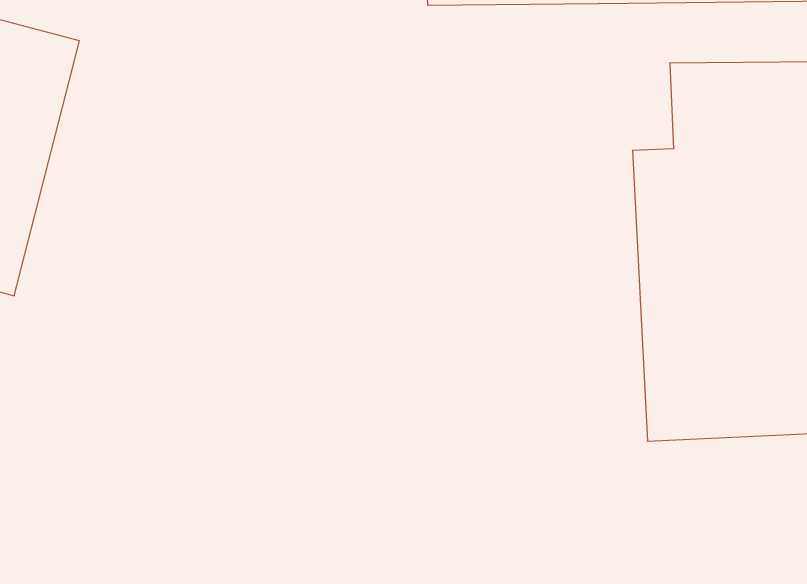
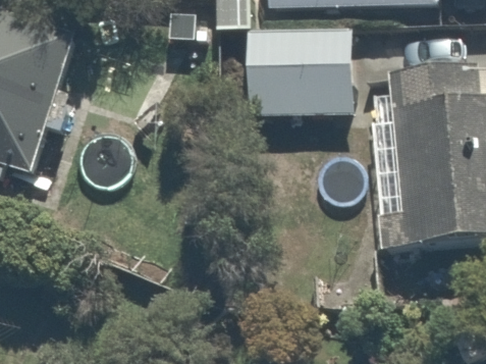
building: none -> [246,25,372,122]

